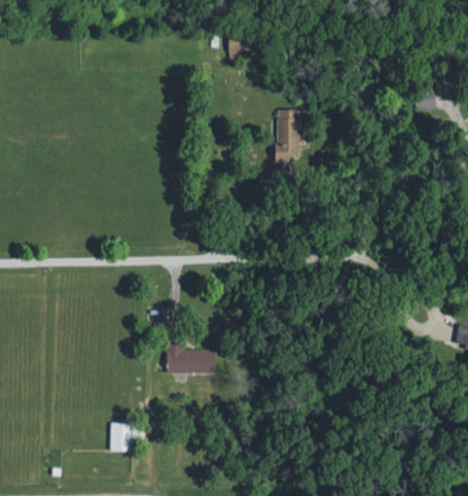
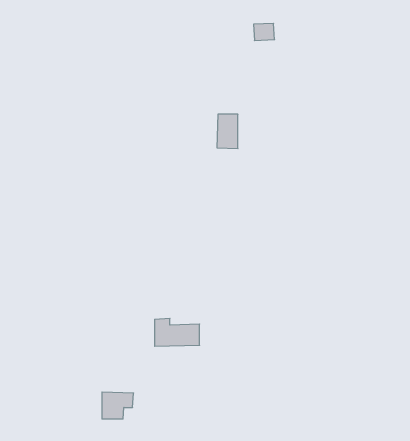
building: [228,35,251,54] -> [254,23,275,41]
building: [277,110,299,147] -> [217,114,238,149]

